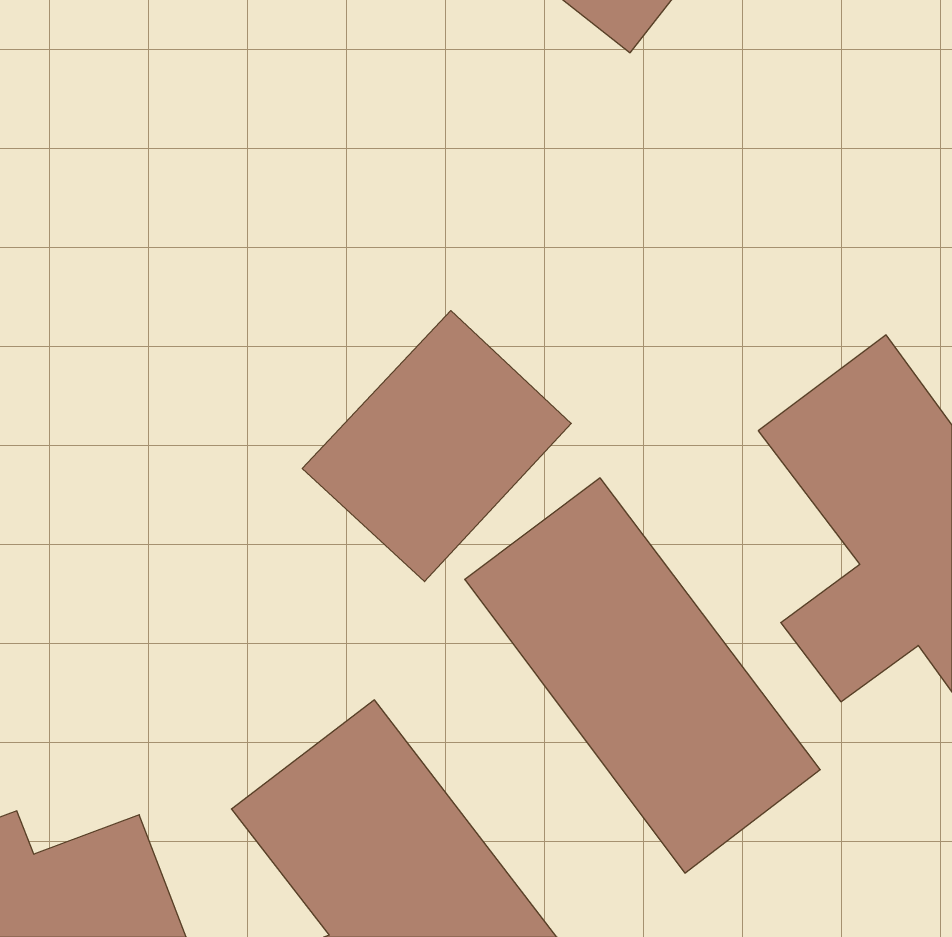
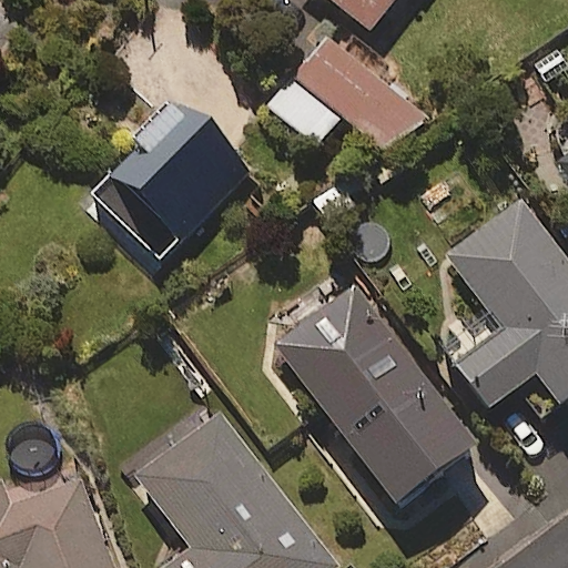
building: none -> [268,33,423,152]
building: [302,311,571,582] -> [88,102,246,262]

